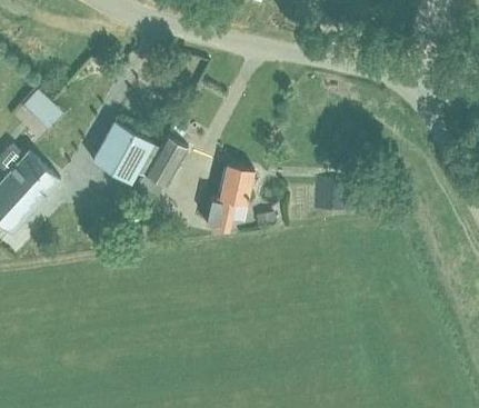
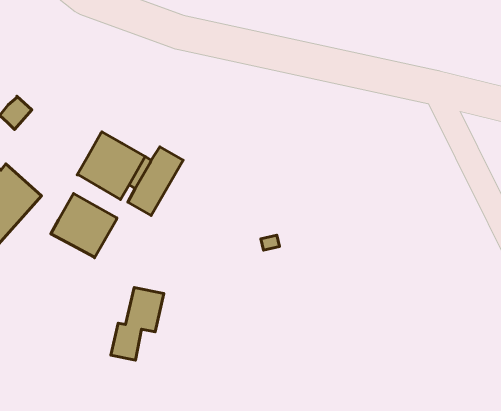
building: [207,166,255,231] -> [111,287,164,360]
building: none -> [51,194,117,258]

